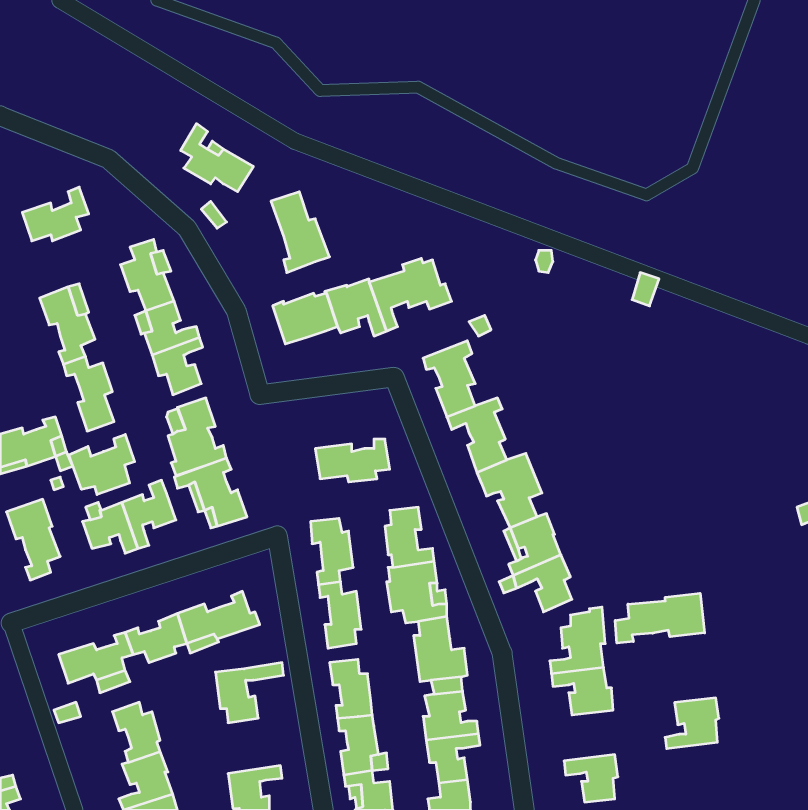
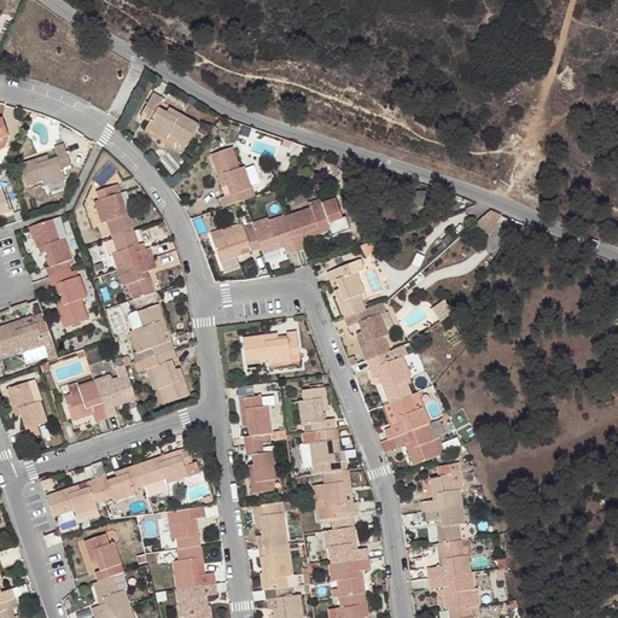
building: [69,434,135,495] -> none
building: [615,593,705,643] -> none
building: [665,698,719,749] -> [430,541,471,579]
building: none -> [171,547,215,589]

